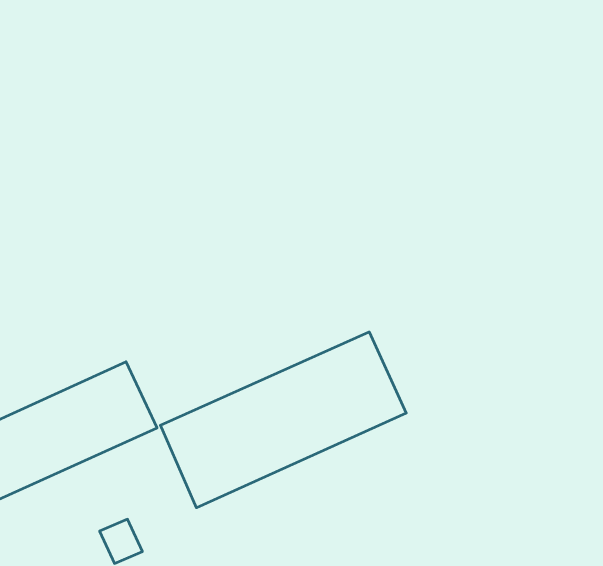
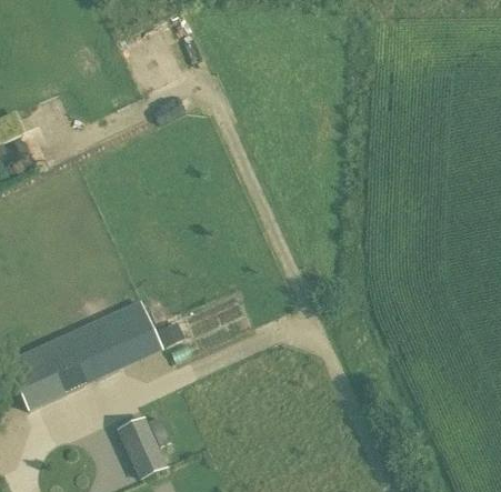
building: [160,332,406,508] -> none

